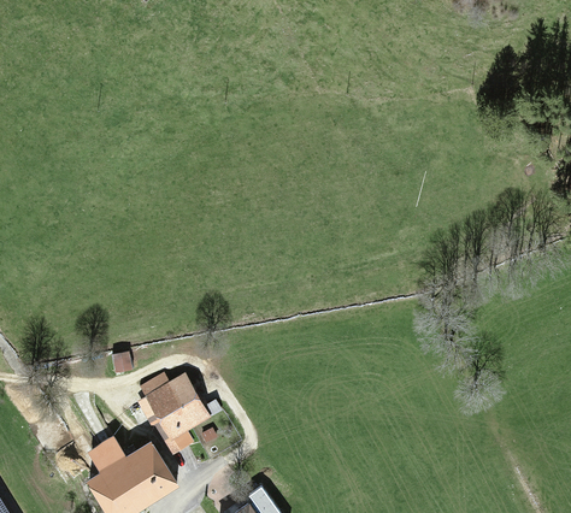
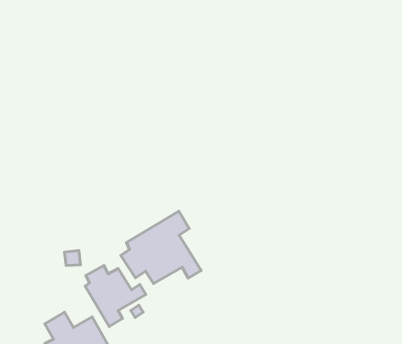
building: none -> [121,211,201,283]

